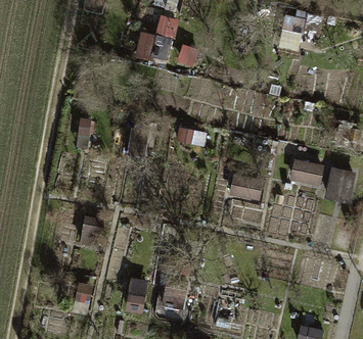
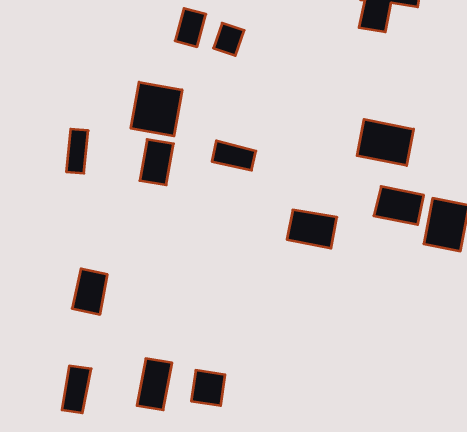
building: none -> [131,82,182,136]
building: none -> [357,119,414,166]

